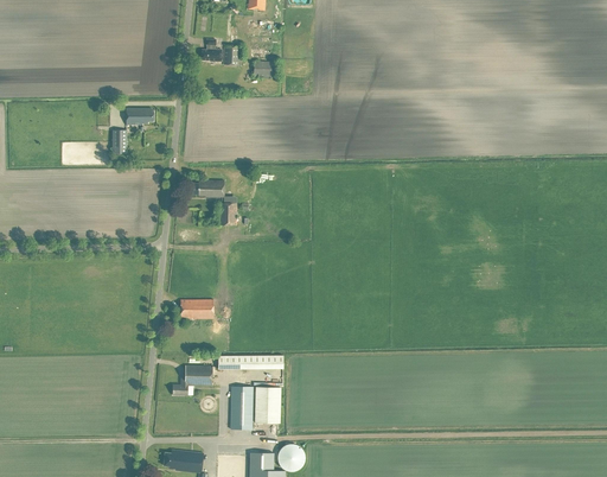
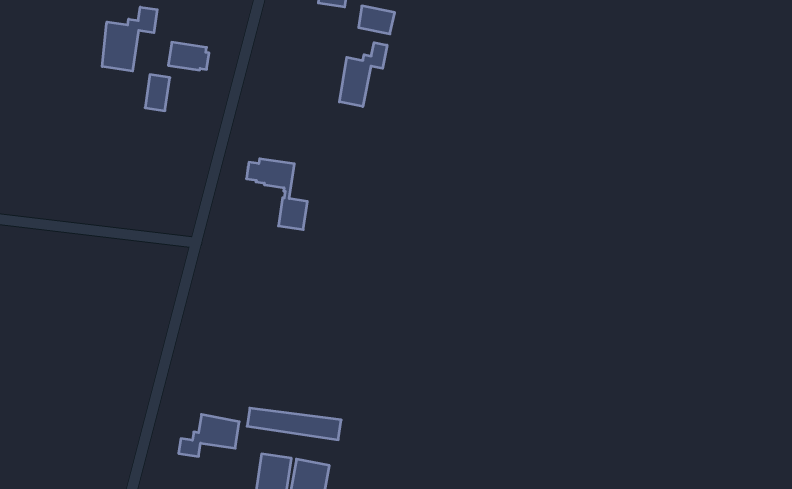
building: none -> [102,7,157,71]
building: none -> [339,43,387,107]
building: [179,299,213,319] -> none

